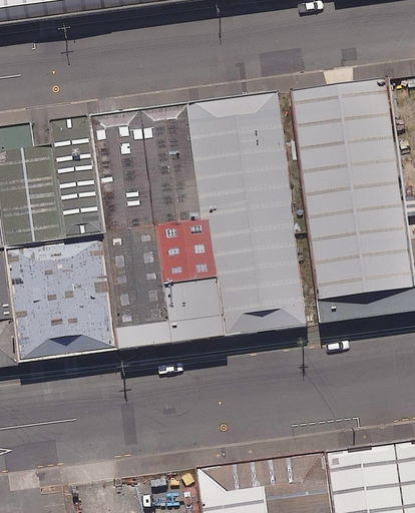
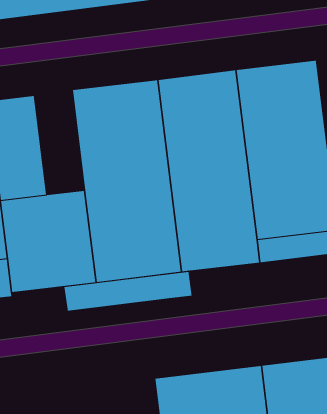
building: [50,114,101,237] -> none
building: none -> [64,271,192,312]

